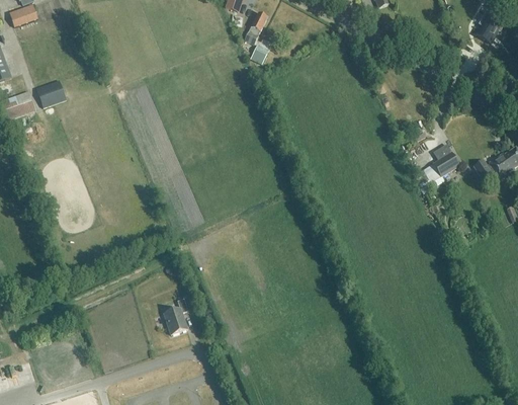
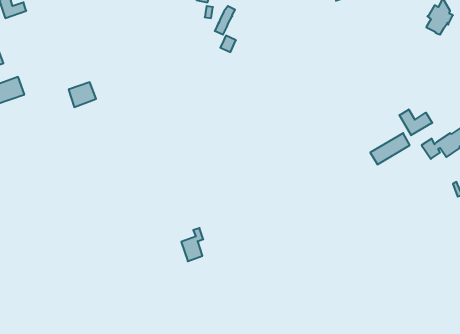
building: [36,80,67,107] -> [69,82,96,107]
building: none -> [399,109,432,135]
building: [164,298,188,334] -> [181,228,203,261]

